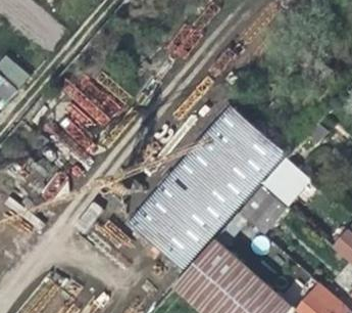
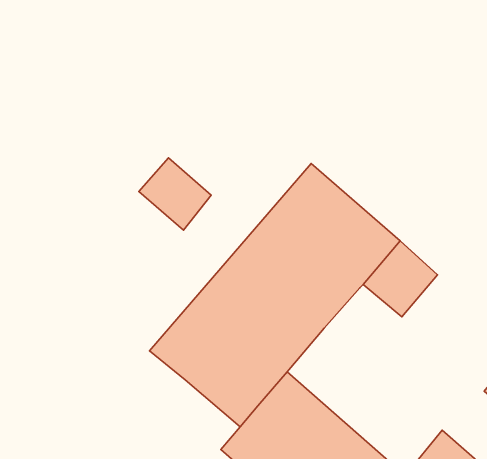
building: none -> [139,158,211,230]
building: [239,186,286,233] -> none

